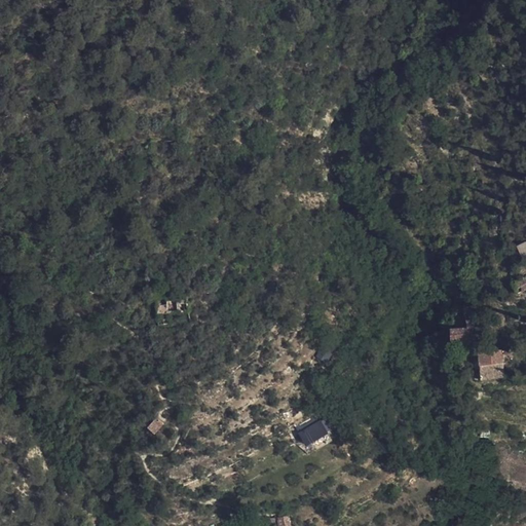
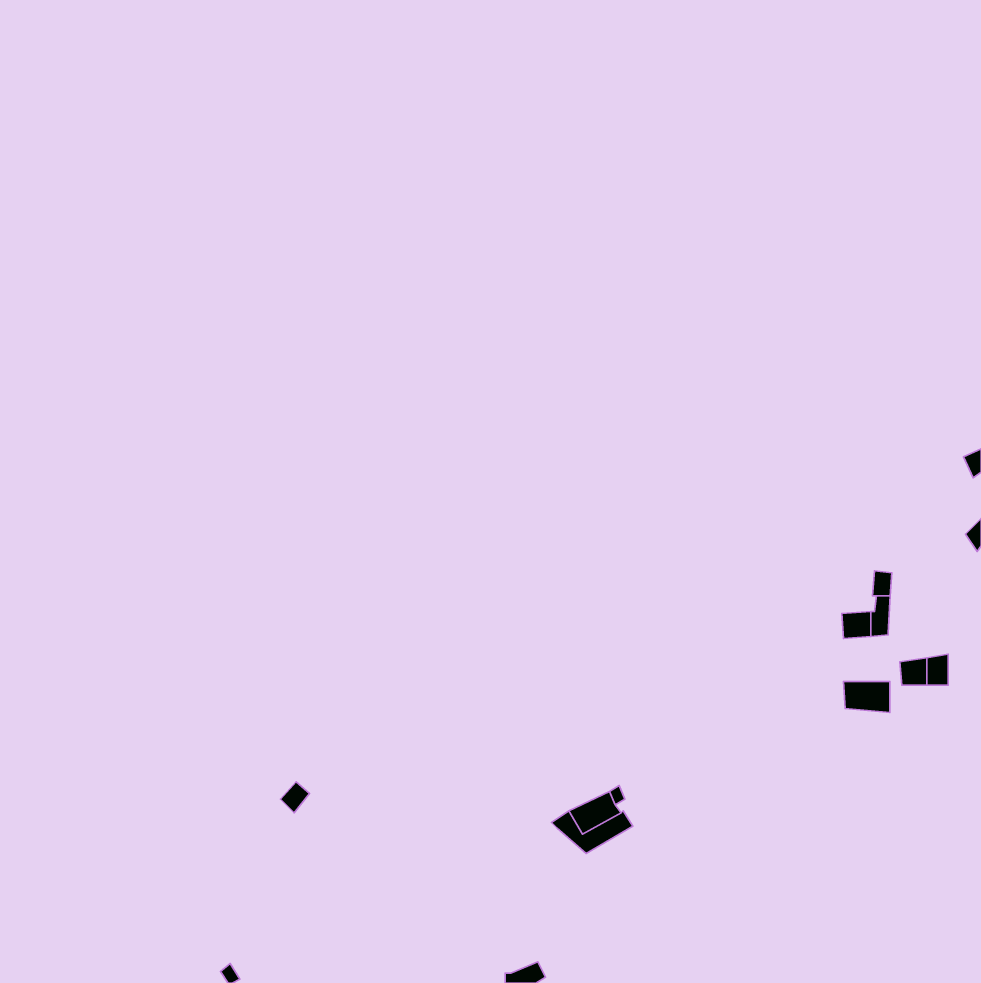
building: [479,364,503,380] -> [843,681,890,712]

